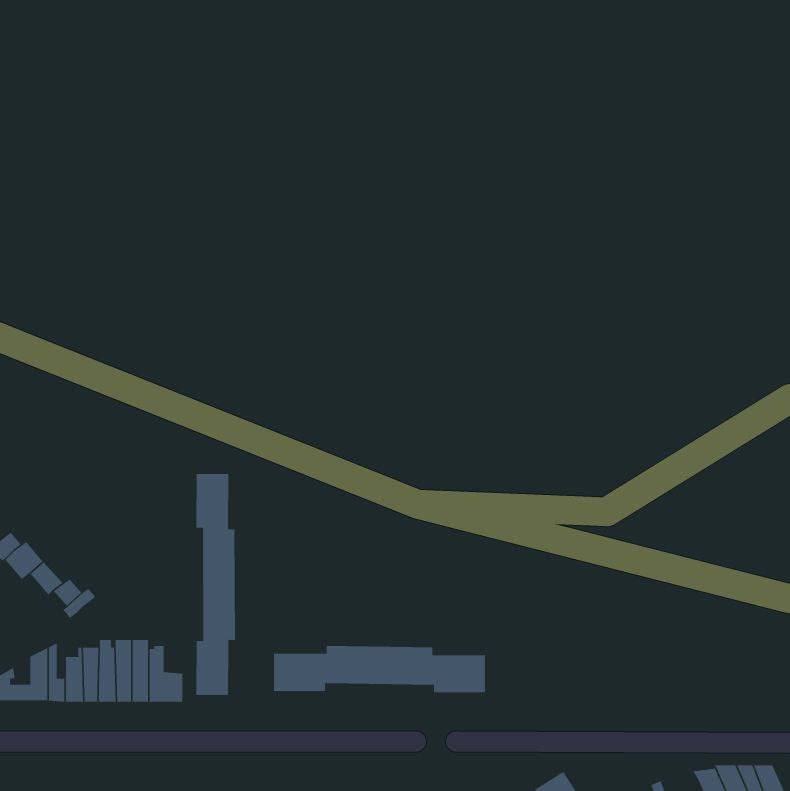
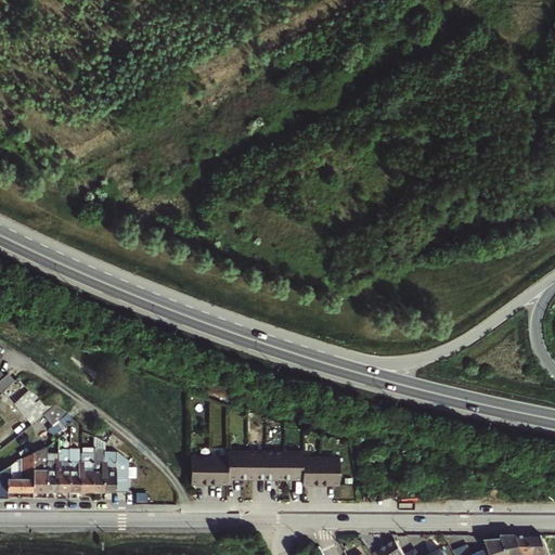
building: [196,473,236,696] -> none

